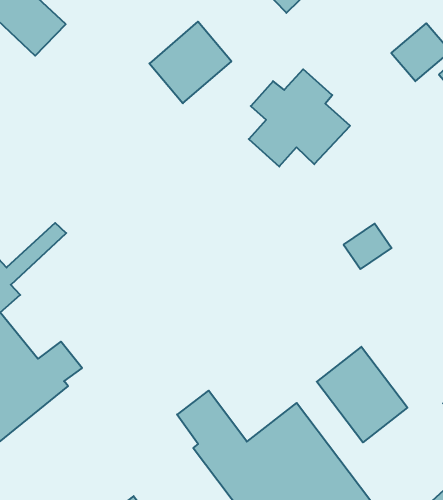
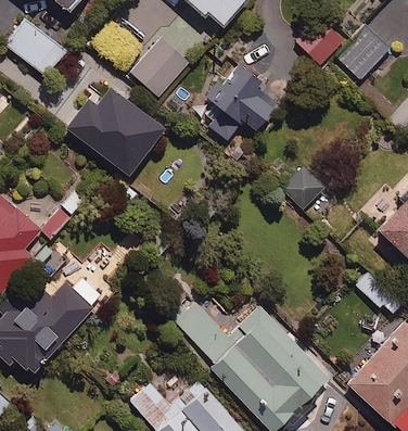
building: none -> [66,88,164,174]
building: [317,347,407,442] -> none

